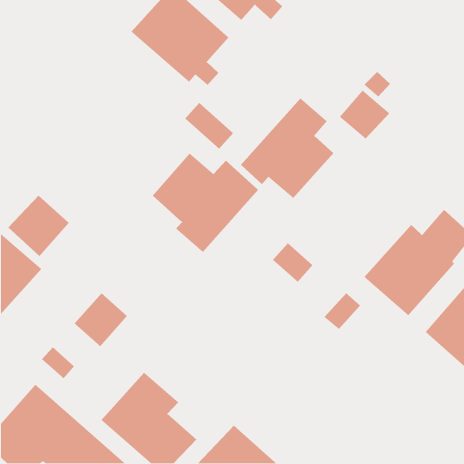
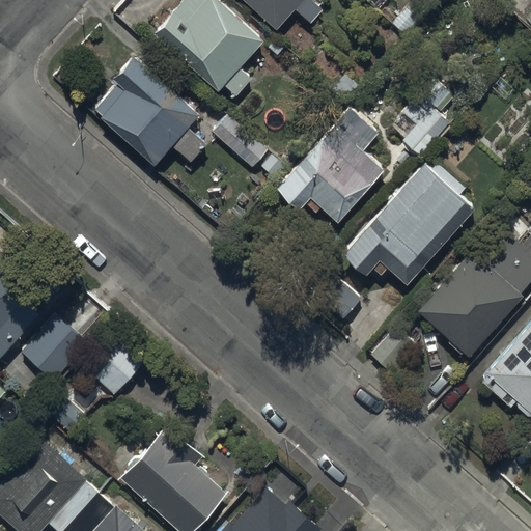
building: none -> [102,60,205,166]
building: none -> [339,164,476,290]
building: [152,152,259,253] -> none
building: [8,195,70,257] -> [23,310,93,381]

